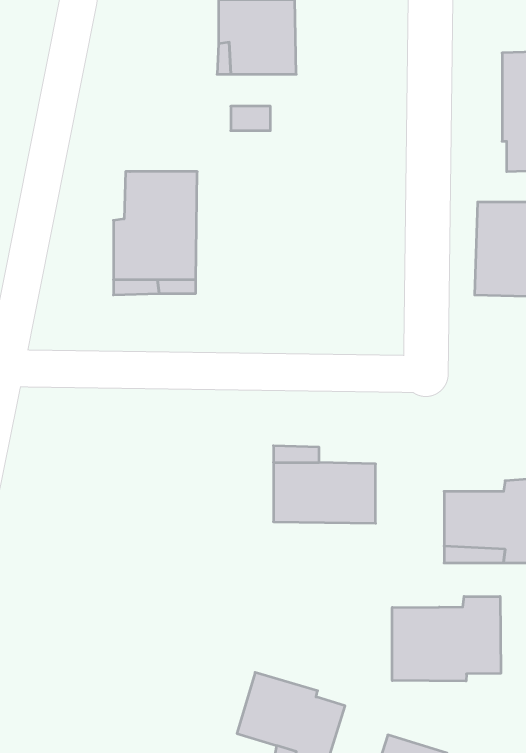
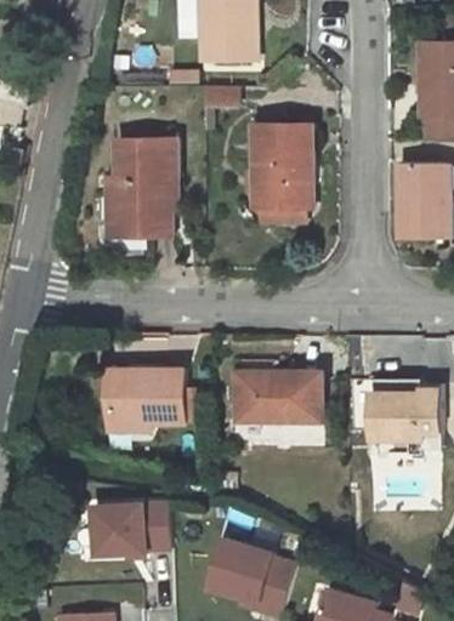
building: none -> [251,125,310,206]
building: none -> [107,369,182,421]
building: [392,596,501,681] -> none
building: none -> [95,502,169,552]

